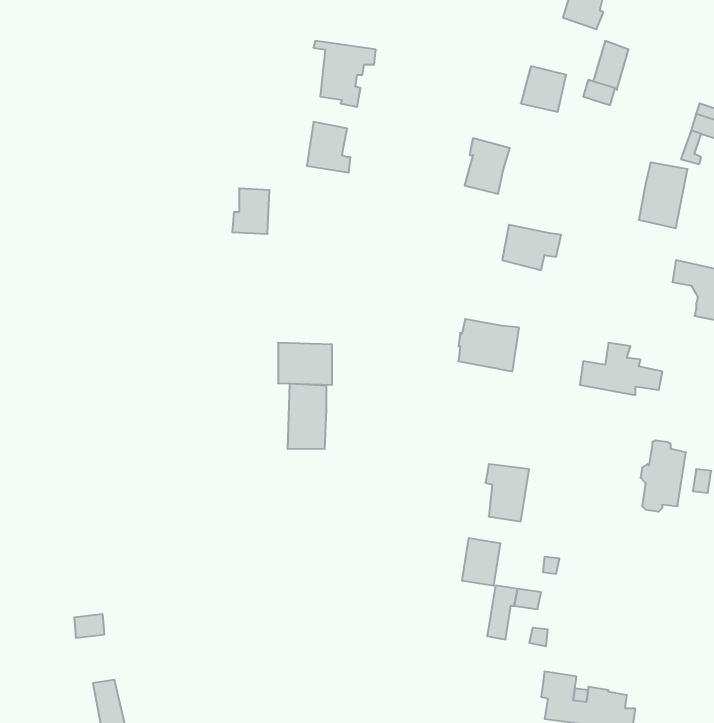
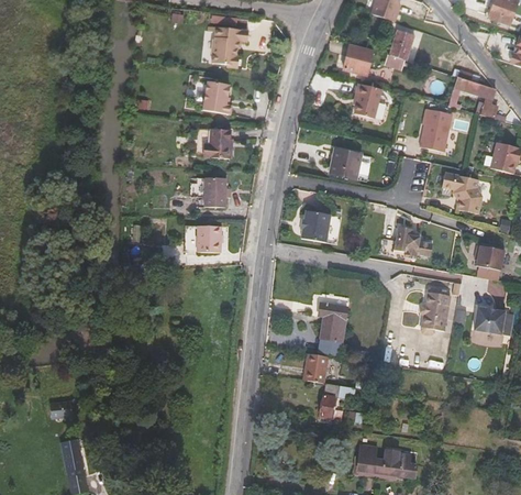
building: [464,138,510,194] -> [352,82,381,119]
building: [232,188,269,234] -> [204,129,229,158]
building: none -> [202,177,228,207]
building: [288,384,326,449] -> none

